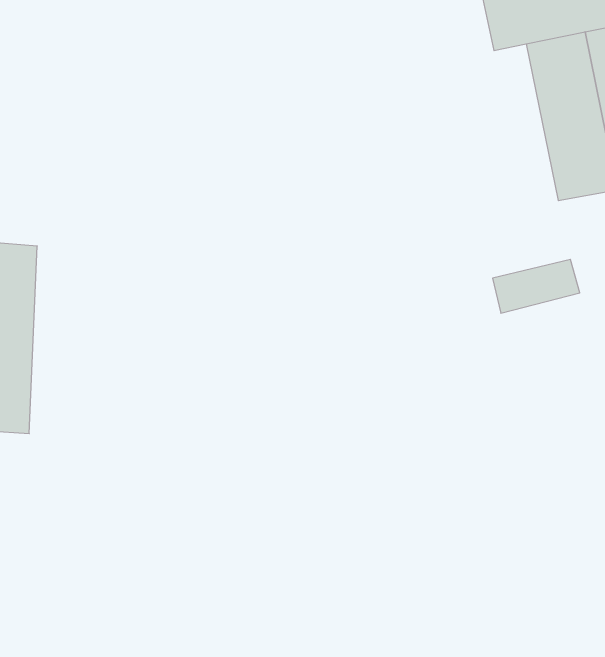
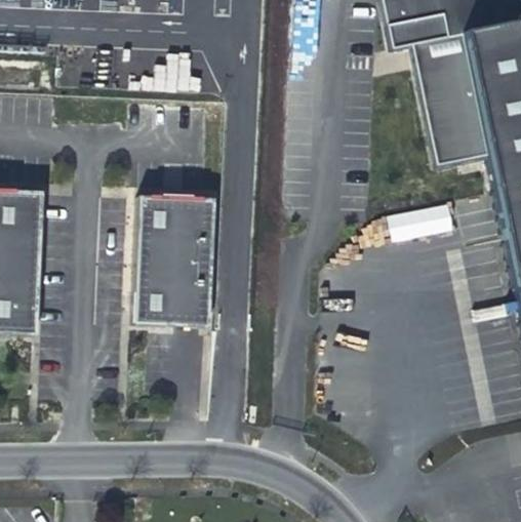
building: none -> [132,195,212,325]

